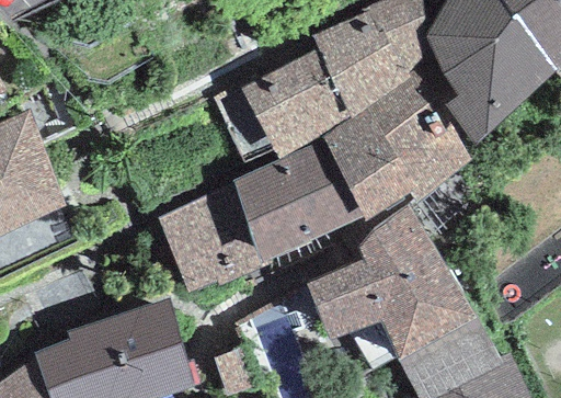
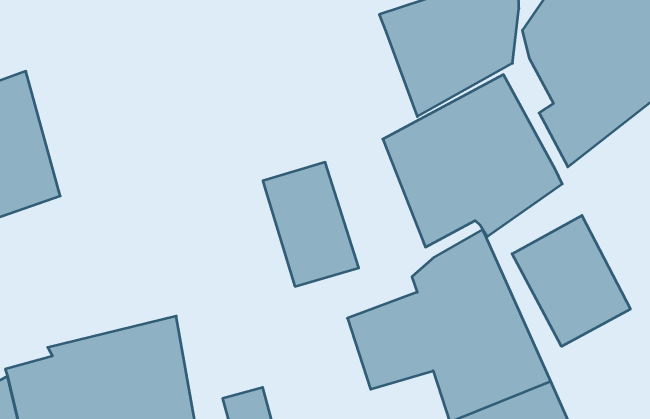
building: [214,49,348,162] -> none
building: [277,137,363,243] -> none
building: none -> [512,215,630,346]
building: [157,185,262,292] -> none

